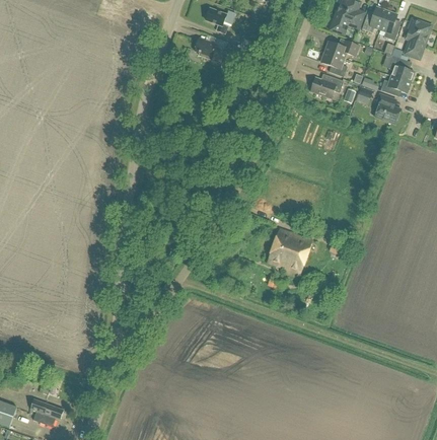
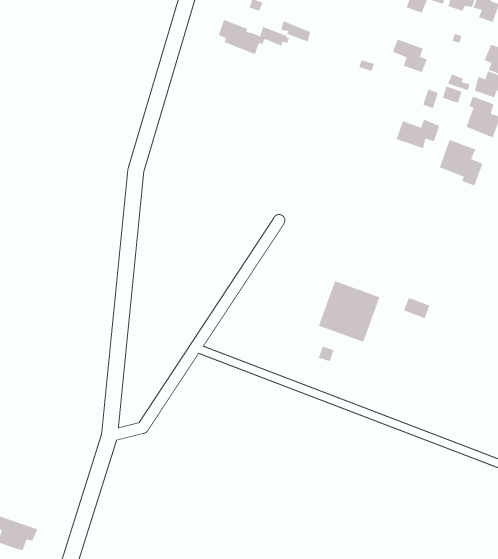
building: [324,38,359,58] -> none
building: [310,75,343,97] -> [396,119,440,149]
building: none -> [439,139,483,187]

